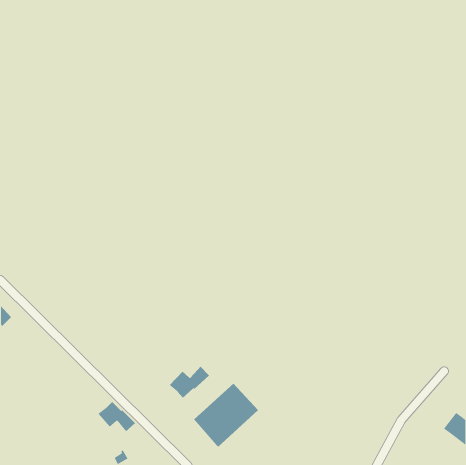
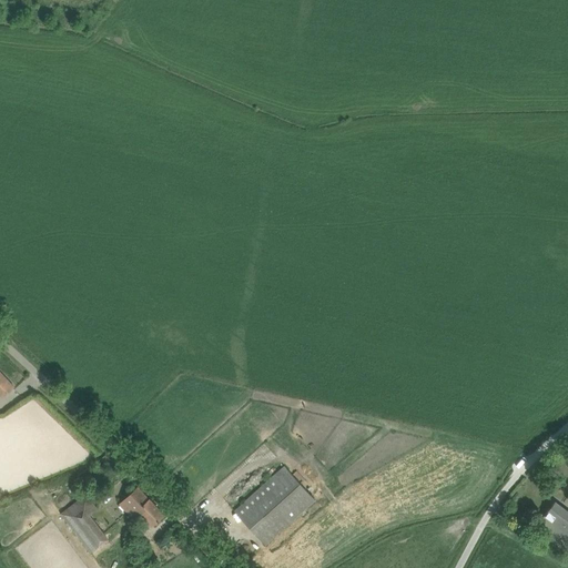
building: [169,366,210,398] -> none
building: none -> [61,496,108,554]

